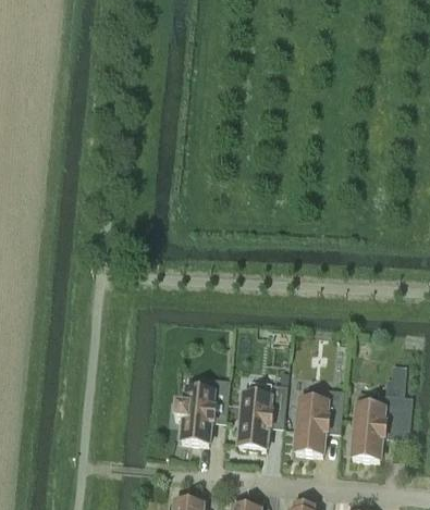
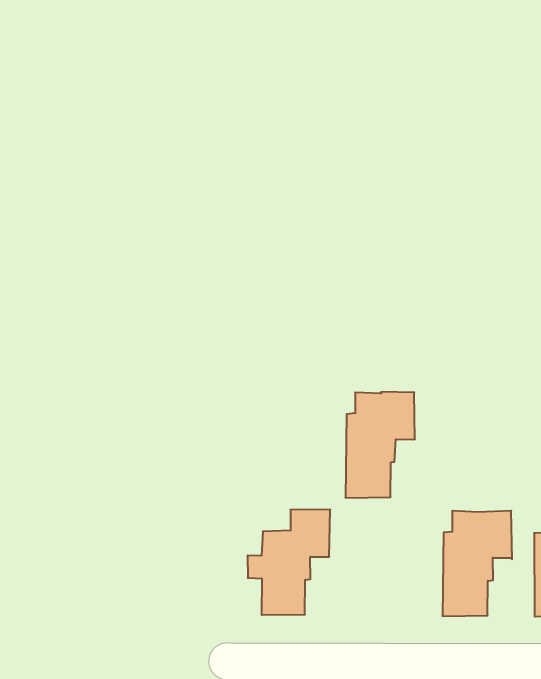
building: [237,382,286,449] -> [345,392,415,498]

